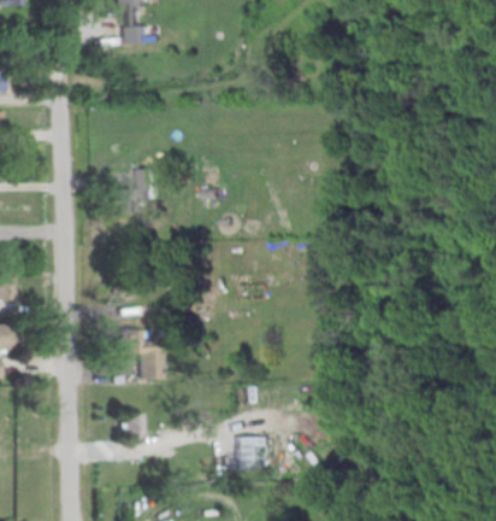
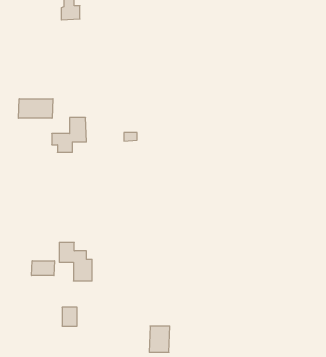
building: none -> [18,99,53,118]
building: none -> [32,261,54,276]

